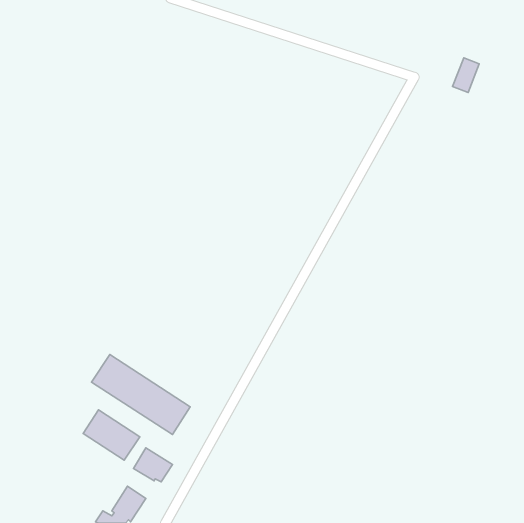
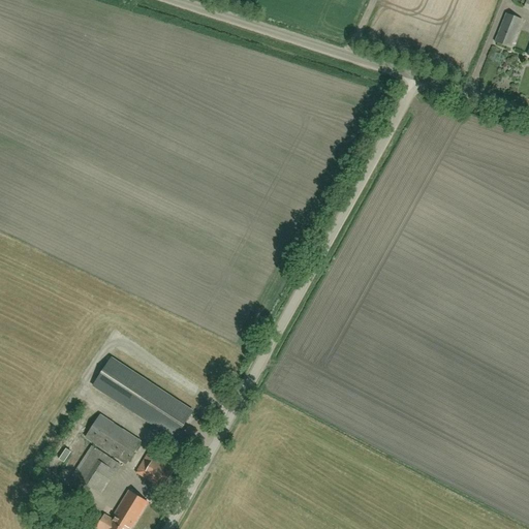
building: [453,58,479,93] -> [494,11,521,46]
building: none -> [70,445,121,494]

